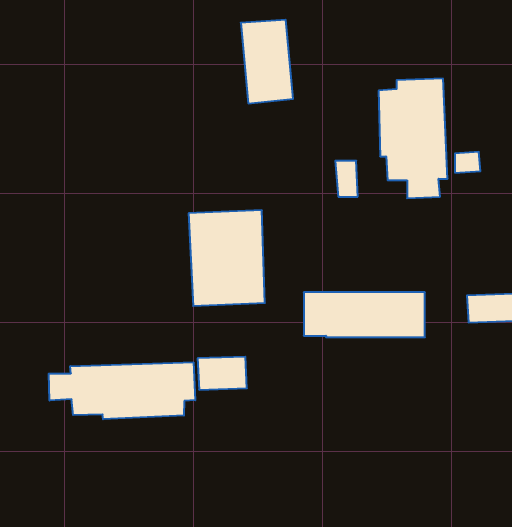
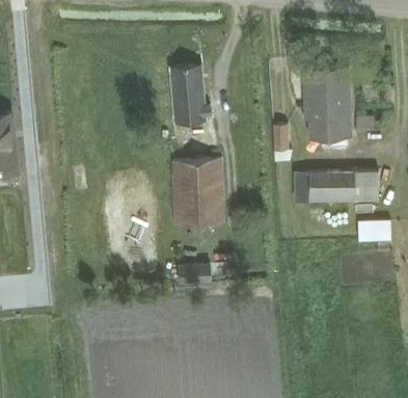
building: [241,20,293,103] -> [169,65,206,124]
building: [304,292,425,337] -> [294,171,378,203]
building: [49,362,195,419] -> none

